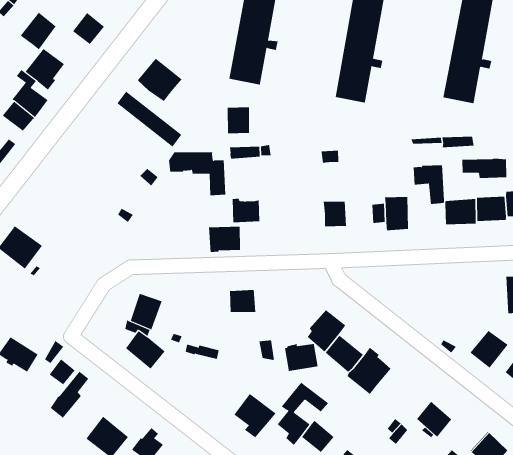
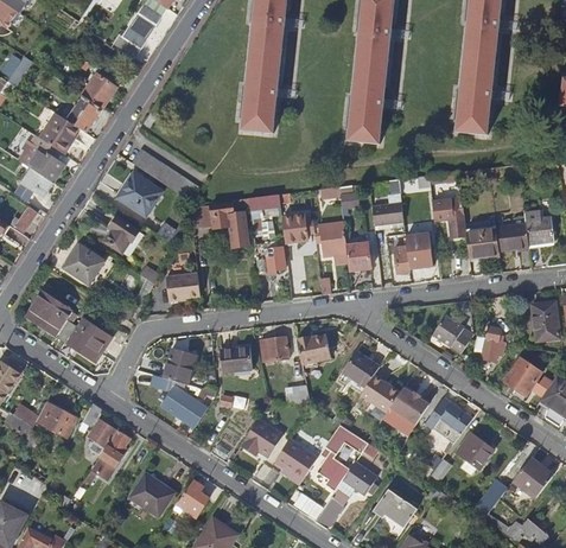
building: [20,12,57,50] -> [64,95,100,133]
building: [137,58,183,102] -> [119,171,164,214]
building: [227,107,250,134] -> [281,214,306,242]
building: none -> [107,215,145,255]
building: [462,158,507,179] -> none
building: none -> [370,202,402,224]
building: none -> [319,221,346,256]
building: none -> [66,243,106,282]
building: [208,226,241,252] -> [164,272,198,300]
building: none -> [68,318,110,361]
building: none -> [432,313,472,351]
building: none -> [476,325,513,359]
building: none -> [218,346,250,372]
building: [284,343,318,371] -> [294,332,330,362]
building: none -> [424,396,470,442]
building: none -> [239,418,287,461]

